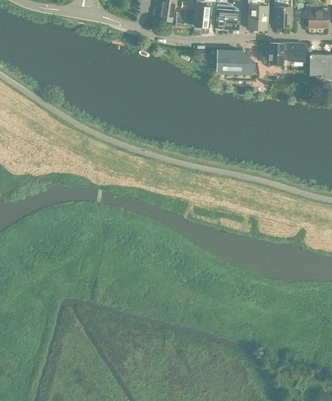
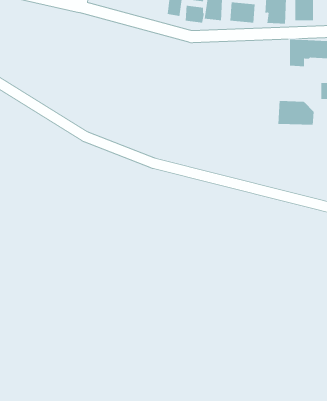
building: [217,50,250,72] -> [278,100,315,125]

